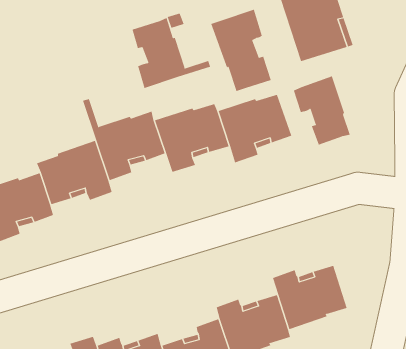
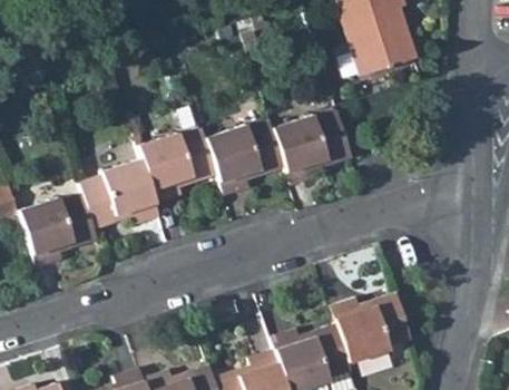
building: [210,9,271,92] -> none
building: [132,17,211,89] -> none
building: [293,76,350,146] -> none

